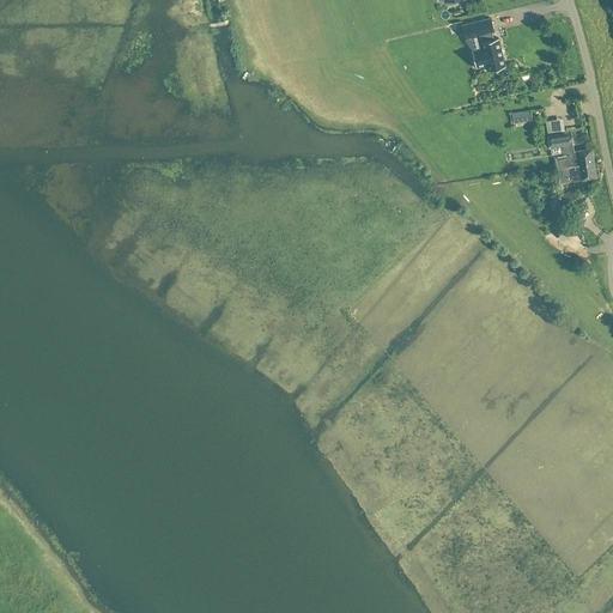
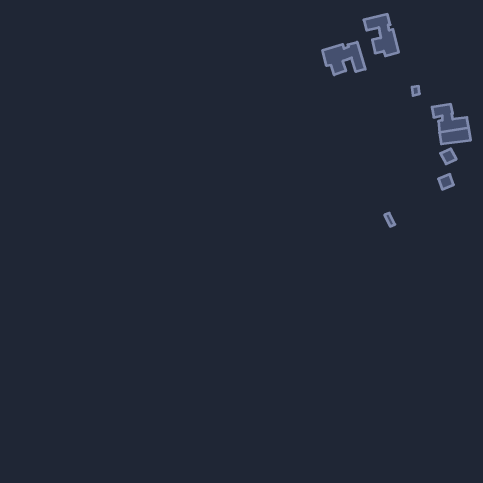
building: none -> [323,42,365,75]

